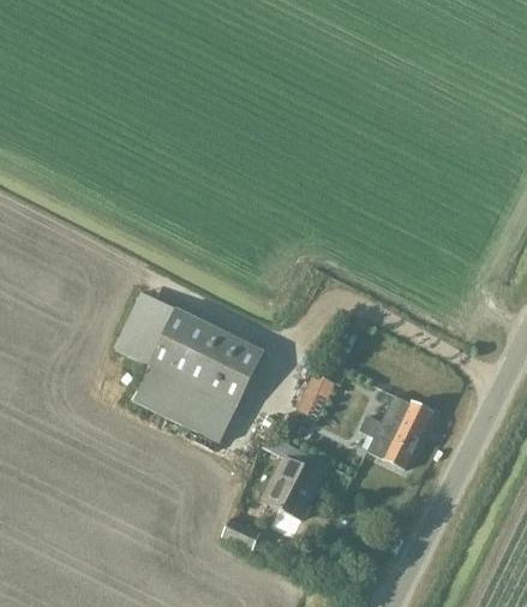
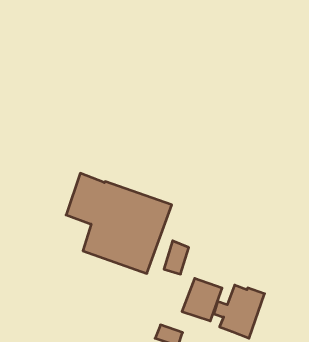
building: [297,370,335,418] -> [164,241,189,274]
building: [360,393,435,470] -> [214,285,265,338]

